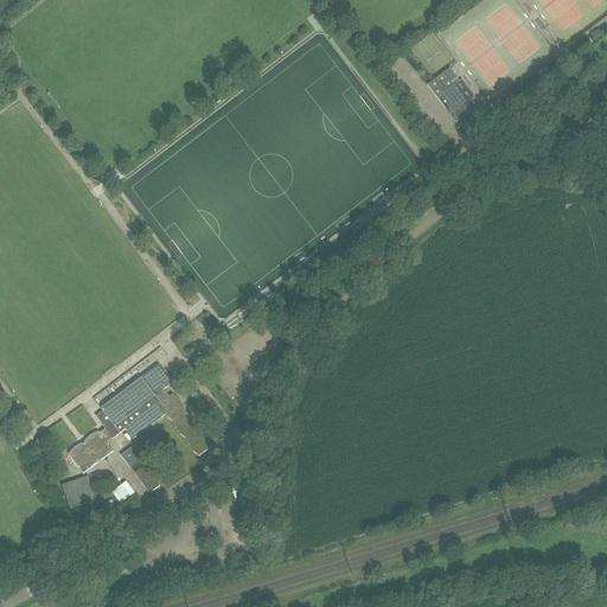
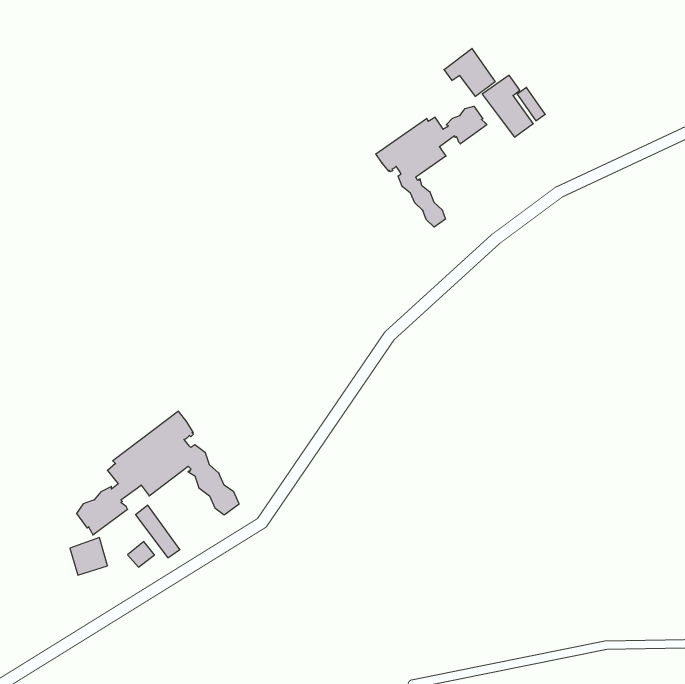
building: none -> [444,48,495,96]
building: none -> [376,106,487,227]

